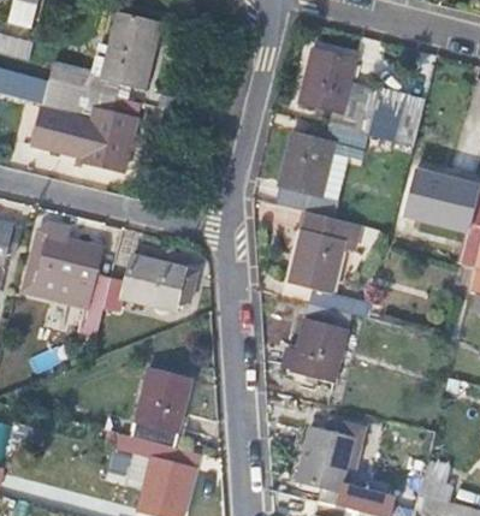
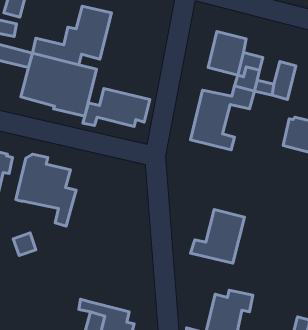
building: [289,213,361,316] -> none
building: [103,257,200,312] -> [83,89,150,126]
building: [131,369,191,449] -> none

